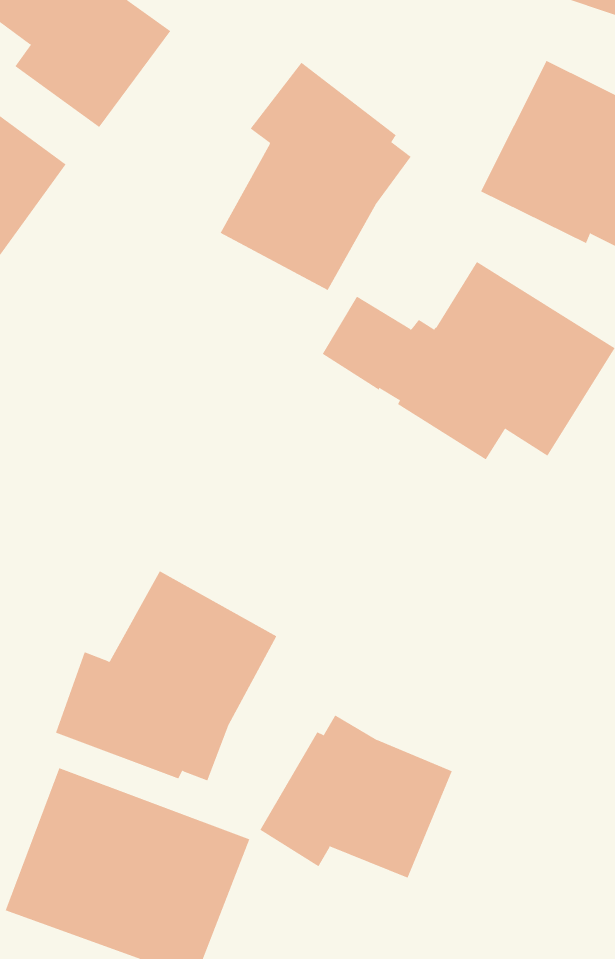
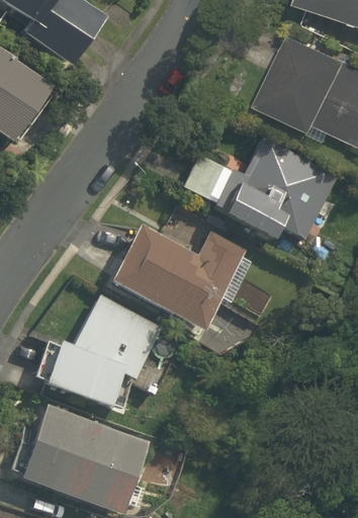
building: [220,62,412,291] -> none
building: none -> [109,224,252,332]
building: [259,714,452,879] -> none

